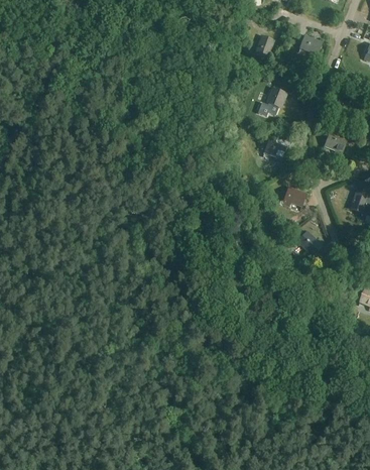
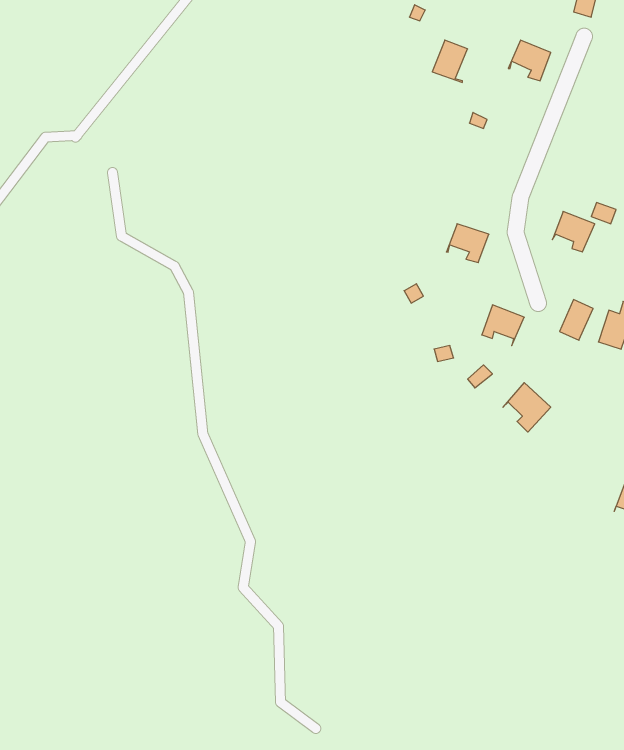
building: [258,87,287,115] -> none

